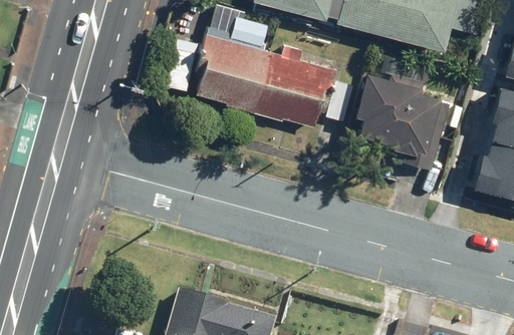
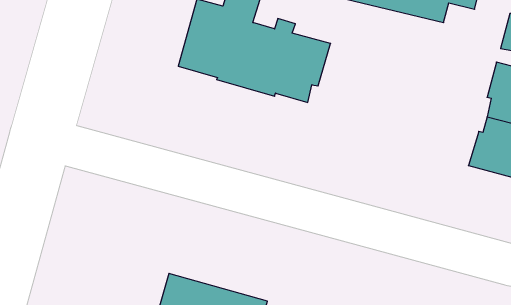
building: [356,67,451,166] -> none

